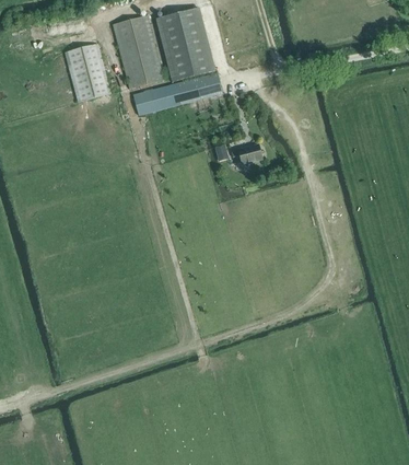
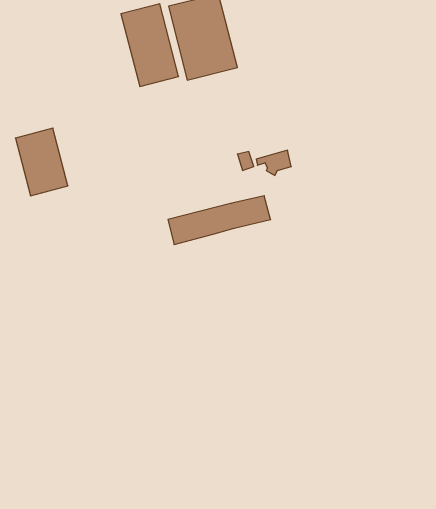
building: [65,43,110,102] -> [15,128,68,196]
building: [132,71,222,114] -> [168,196,271,245]

